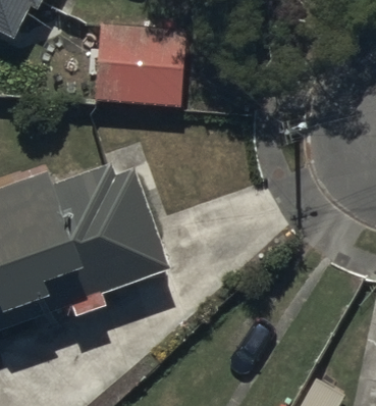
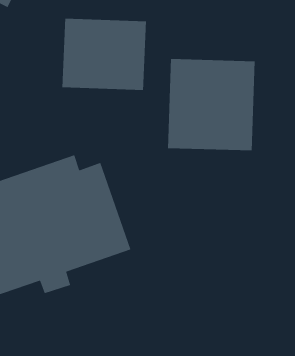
building: none -> [167,58,256,151]

